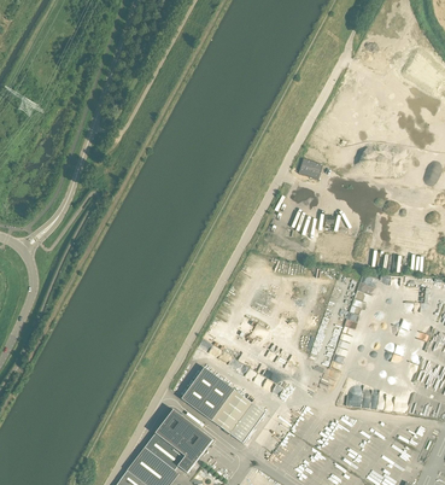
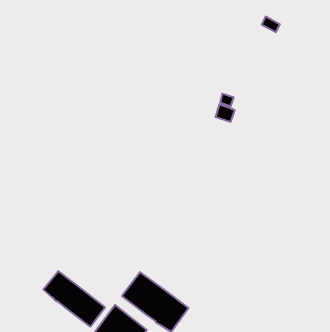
building: none -> [43,271,105,327]

